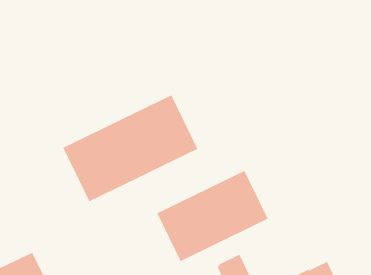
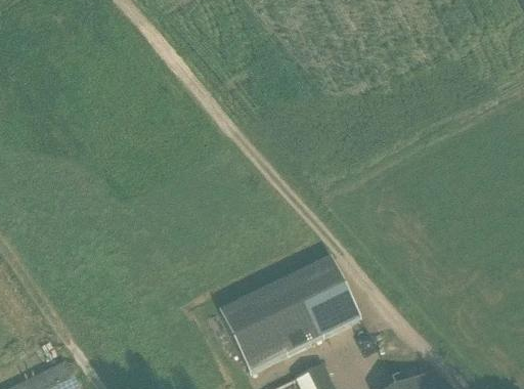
building: [62,95,198,202] -> none

